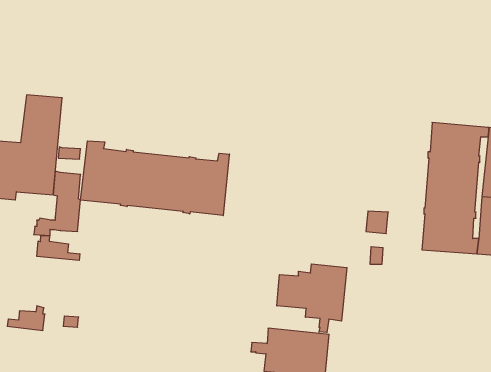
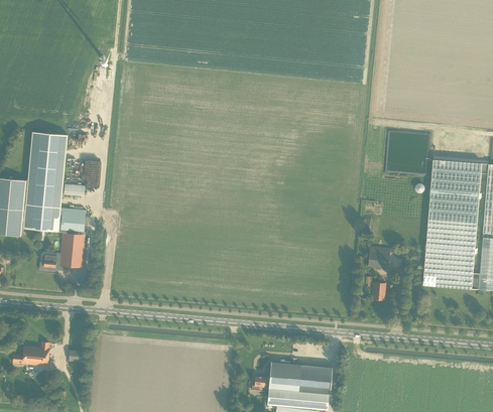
building: [81,141,229,216] -> none
building: [37,236,80,260] -> none
building: [277,264,347,333] -> none

